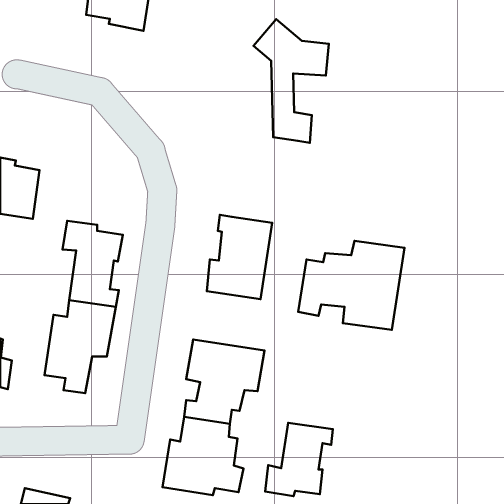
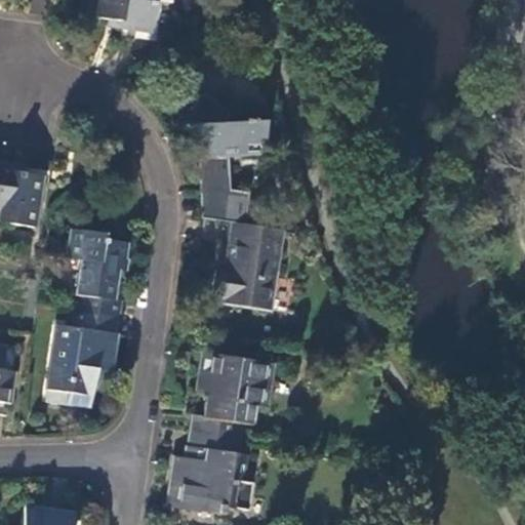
building: [253,19,329,143] -> [184,96,261,225]
building: [298,241,405,330] -> none
building: [265,423,333,496] -> none

